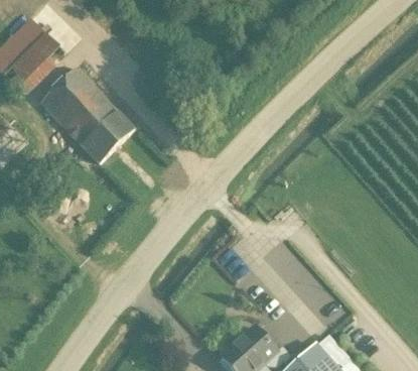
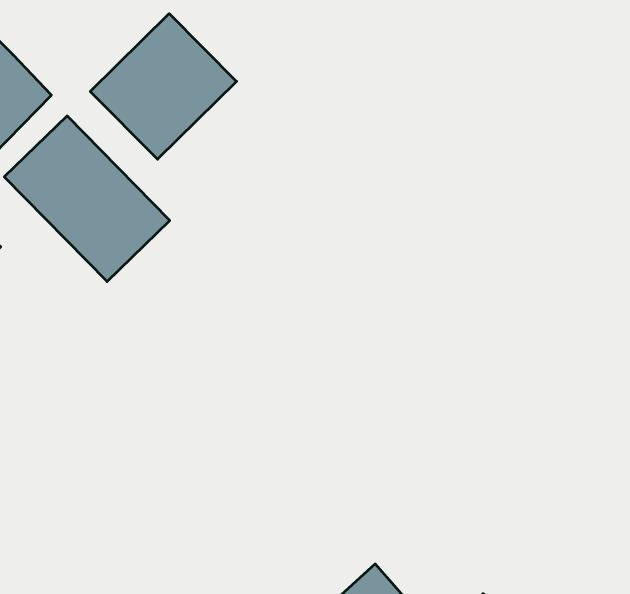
building: none -> [90,14,237,159]

